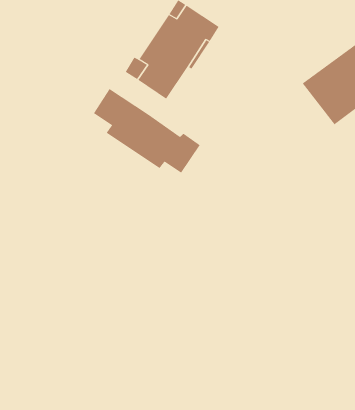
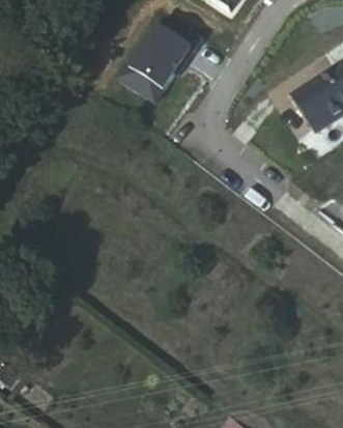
building: [93,88,201,173] -> none

